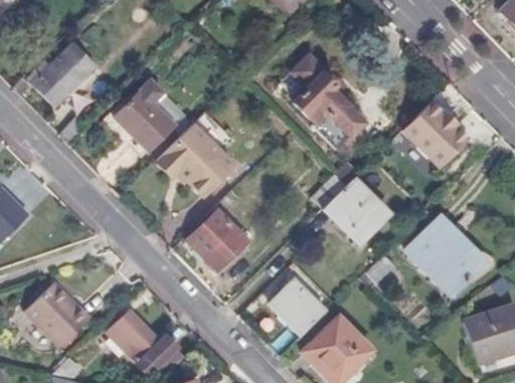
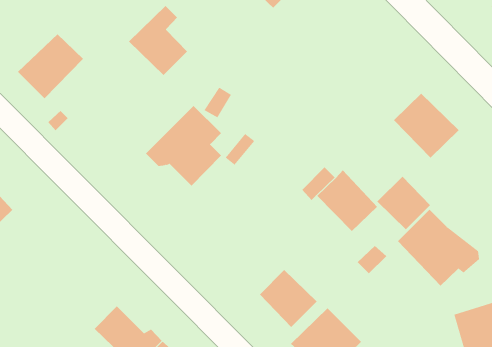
building: [292,54,363,146] -> none
building: [113,80,172,151] -> [128,5,188,76]
building: none -> [377,176,431,230]
building: [189,209,250,268] -> none
building: [24,281,89,347] -> none

